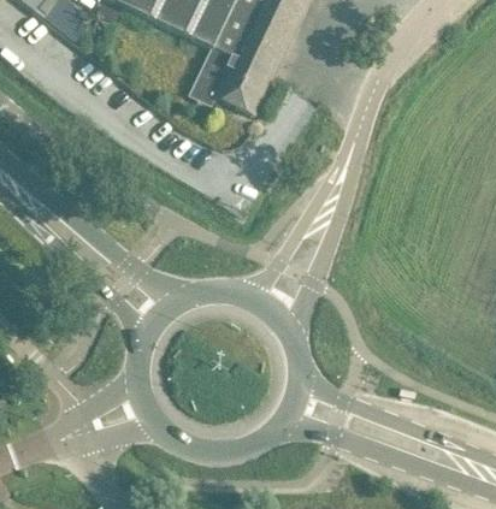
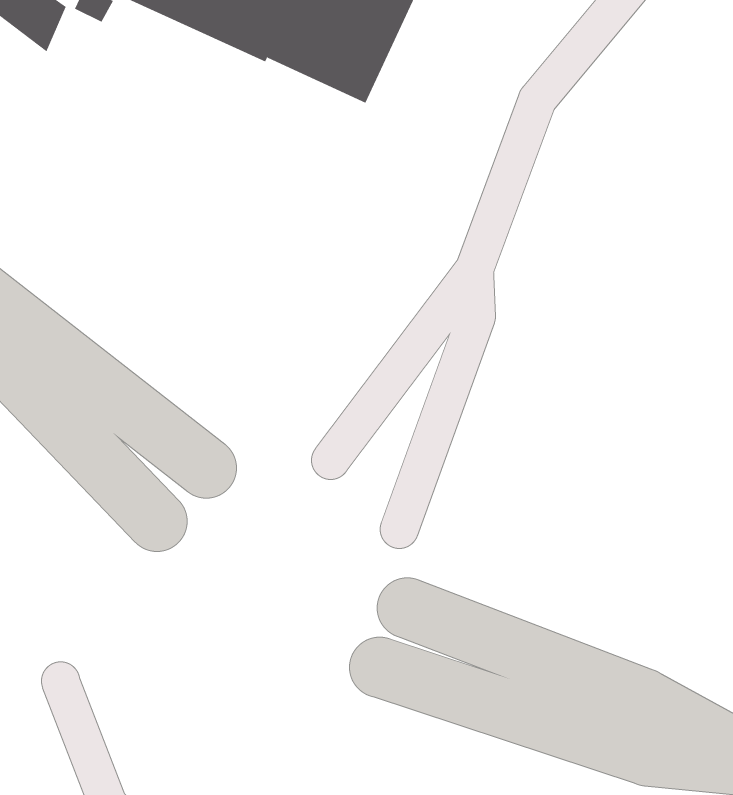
building: [191,42,270,111] -> none

